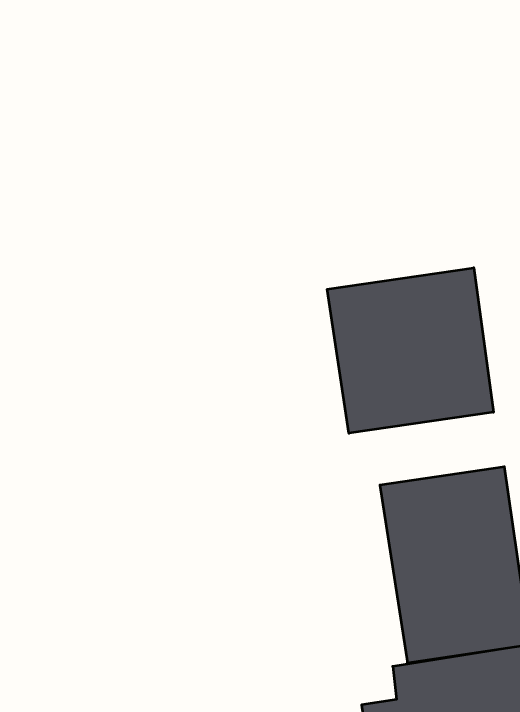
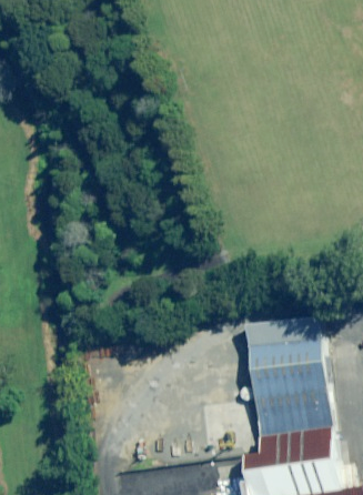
building: [327,268,493,433] -> none

